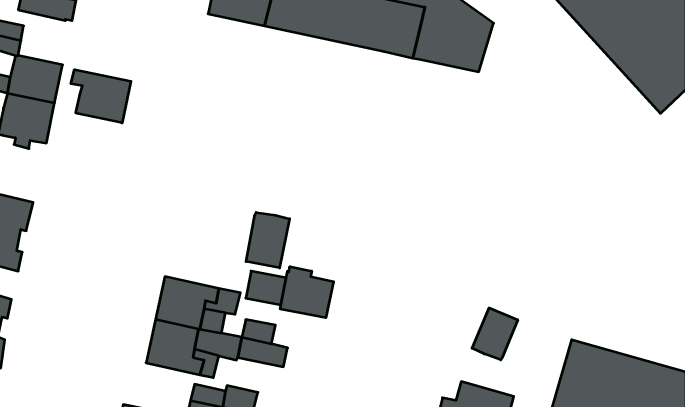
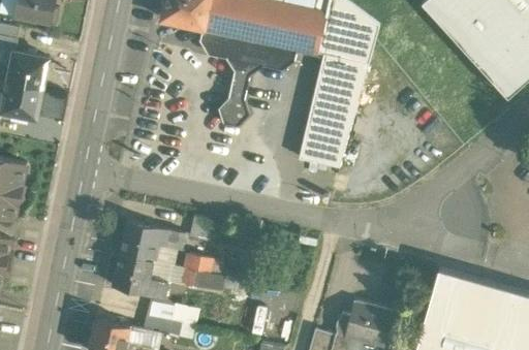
building: none -> [201,30,295,126]
building: none -> [299,56,368,169]
building: [71,70,131,123] -> none
building: [246,212,290,268] -> none
building: [280,267,334,318] -> none
building: [472,308,518,360] -> none

